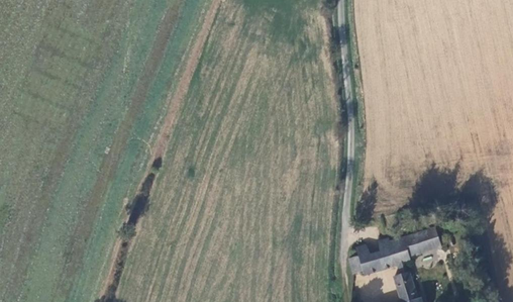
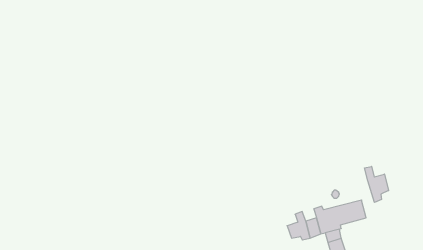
building: none -> [365,166,389,202]

